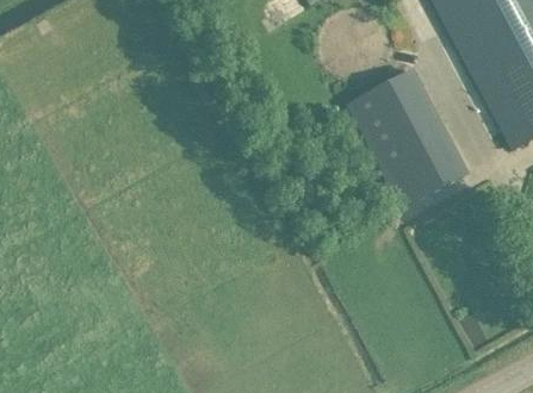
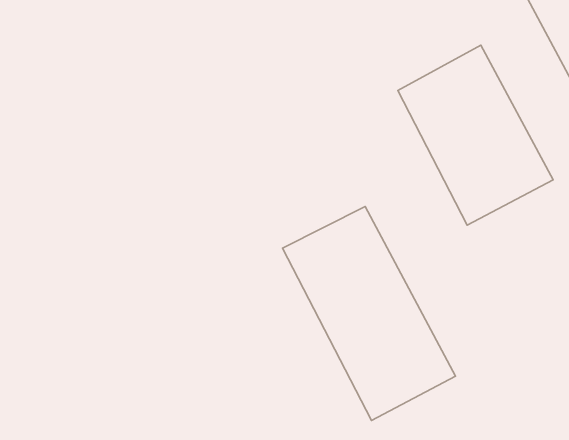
building: none -> [283,207,456,421]

